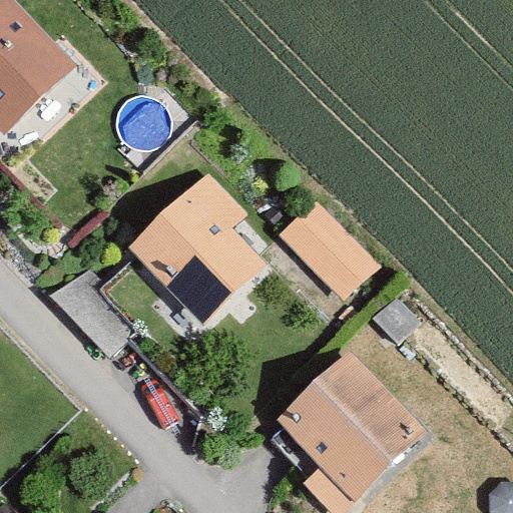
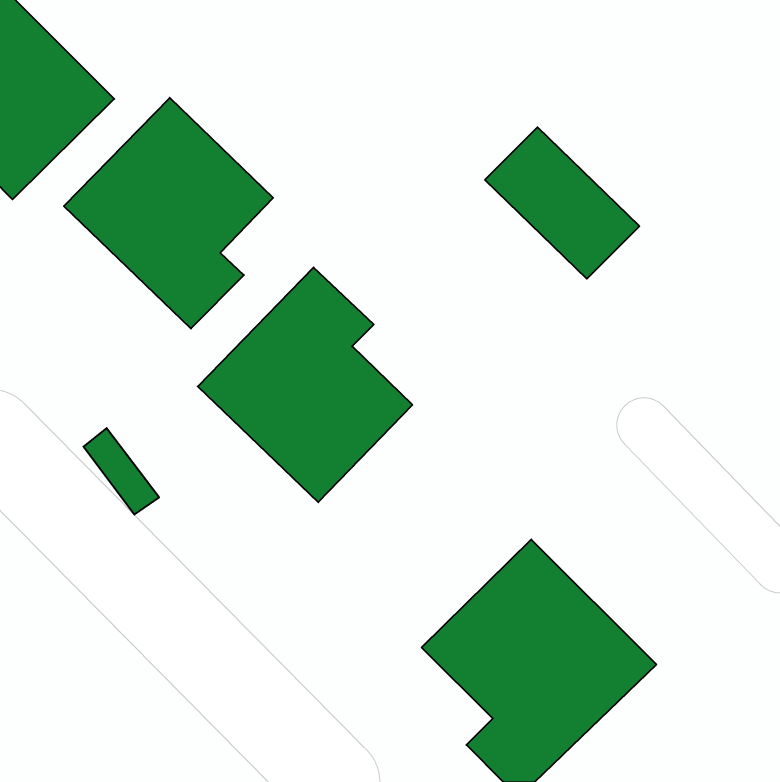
building: none -> [64,98,273,329]
building: [276,195,376,294] -> [485,127,639,279]

